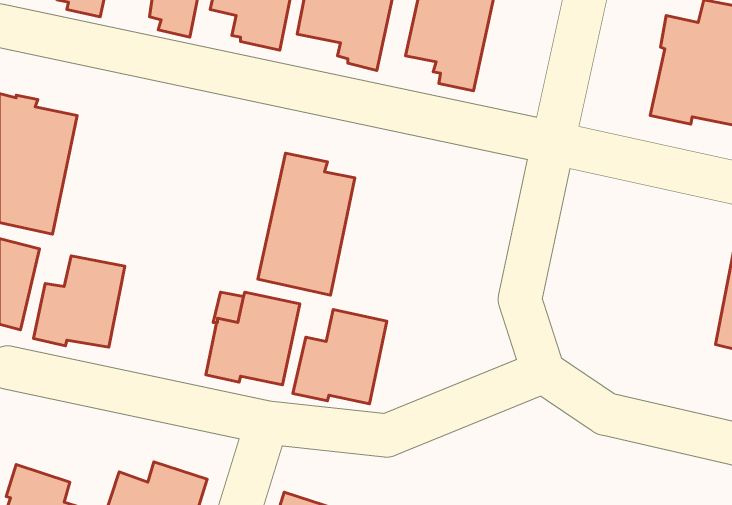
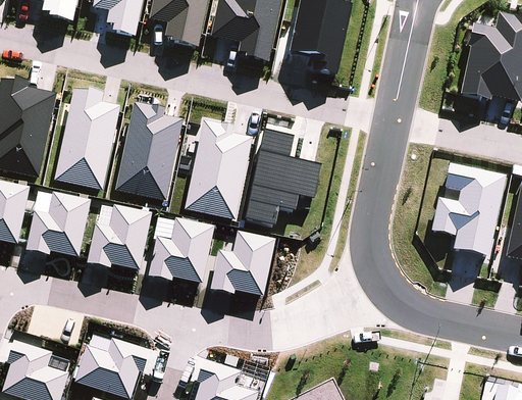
building: none -> [55,87,120,190]
building: none -> [116,101,184,200]
building: none -> [244,131,320,227]
building: none -> [430,162,506,256]
building: none -> [88,205,152,269]

